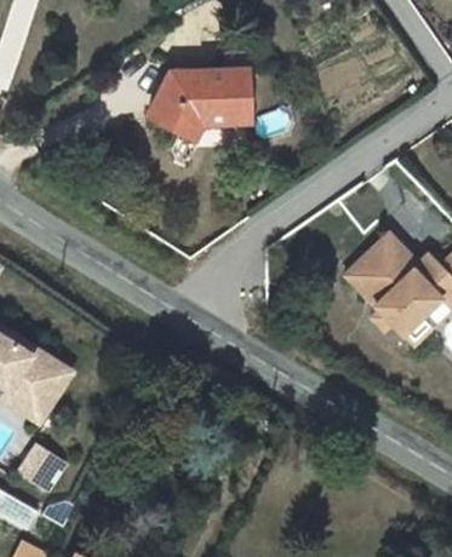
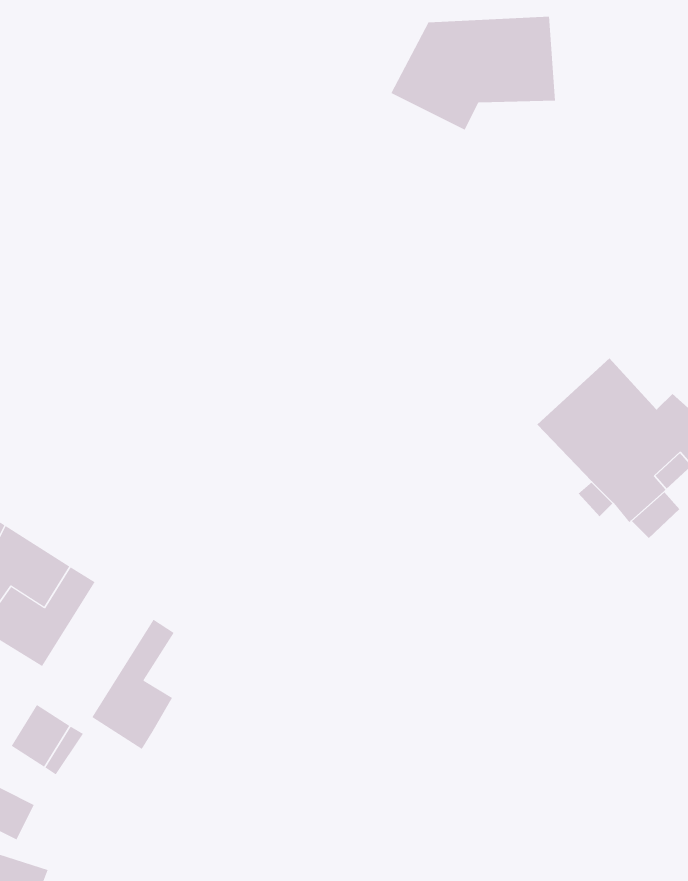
building: [148,69,250,139] -> [390,16,556,131]
building: none -> [92,619,175,750]

